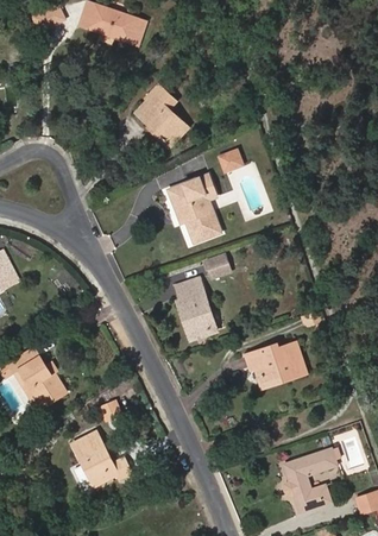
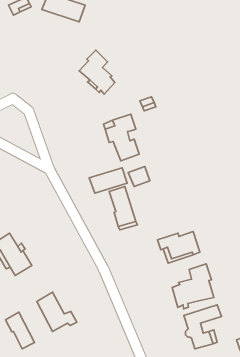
building: none -> [89,168,127,193]
building: none -> [172,264,214,309]
building: none -> [5,312,35,349]

